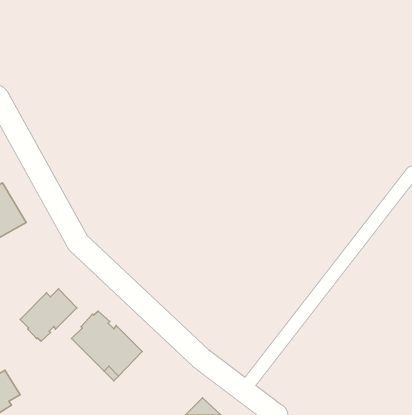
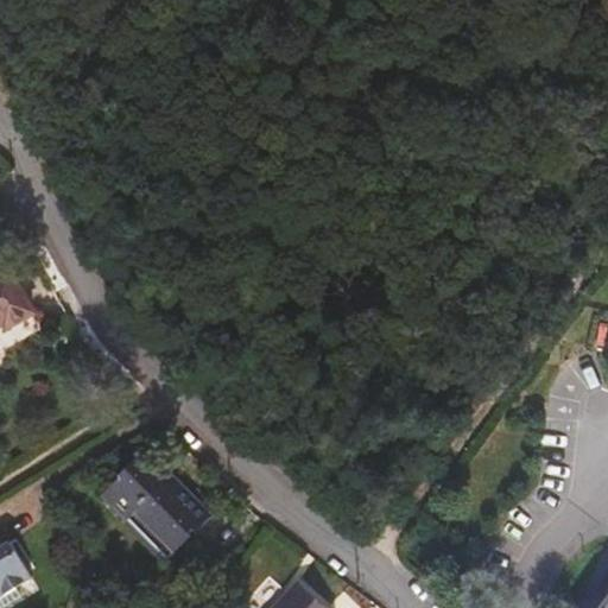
building: [20,289,77,341] -> none

